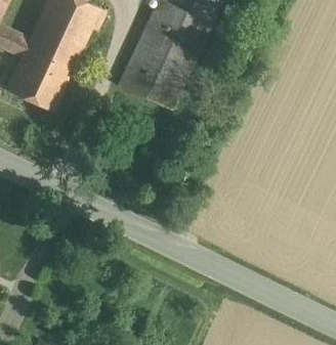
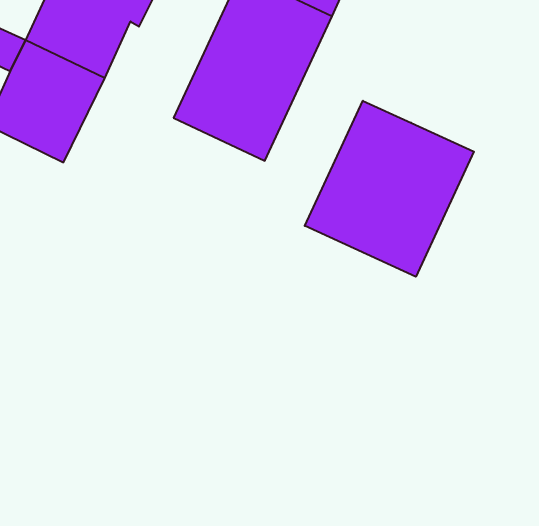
building: none -> [305,101,474,277]

